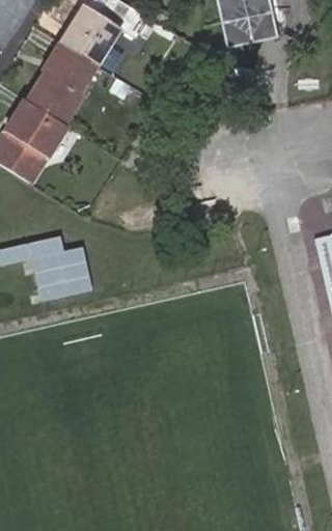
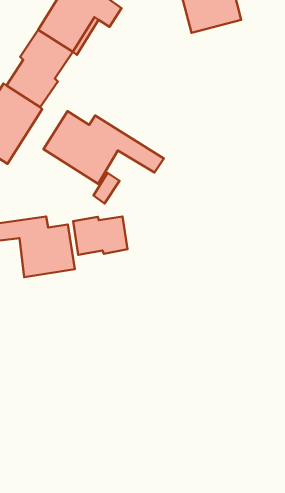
building: none -> [44,111,164,184]
building: none -> [73,216,127,255]

